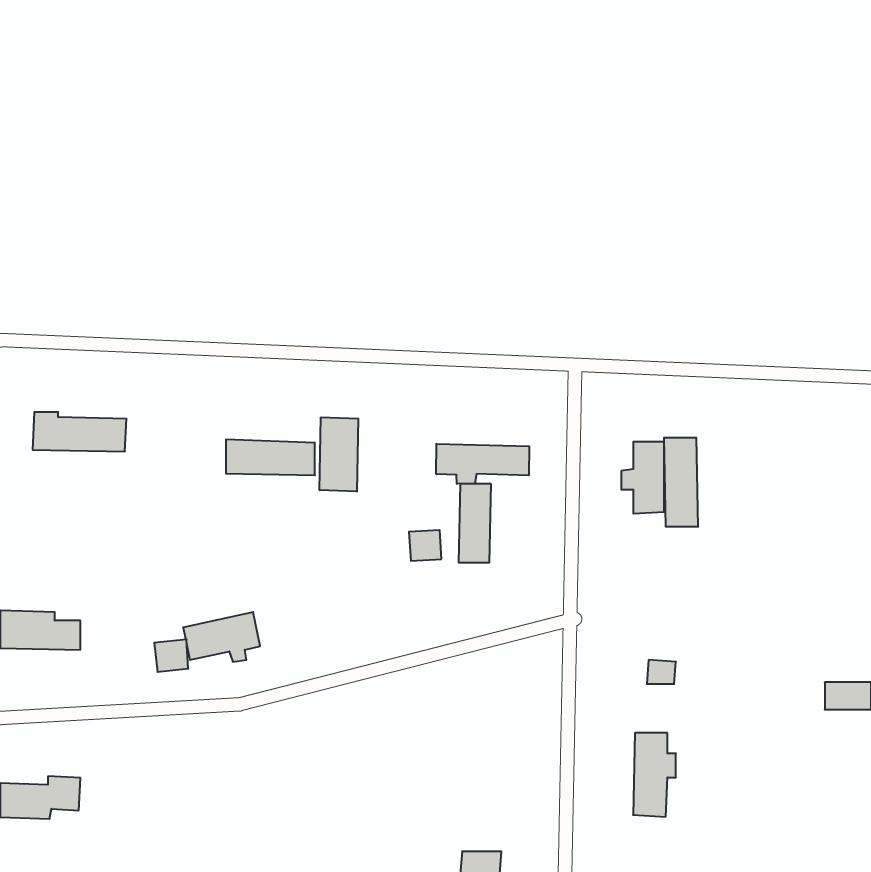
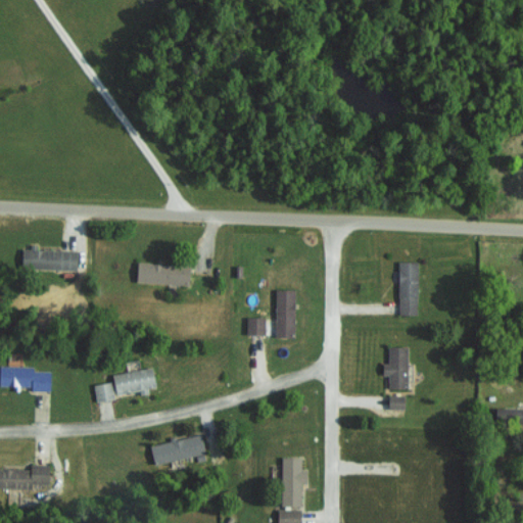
building: [320,417,358,492] -> none
building: [621,442,664,514] -> [382,347,408,390]
building: [436,444,529,484] -> none
building: none -> [150,435,207,465]
building: [633,733,676,817] -> [282,458,307,508]

